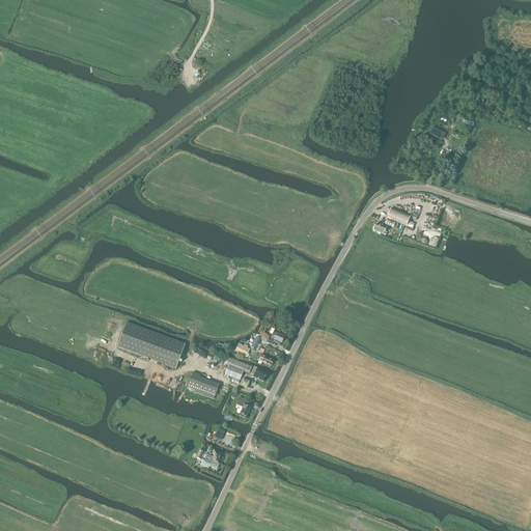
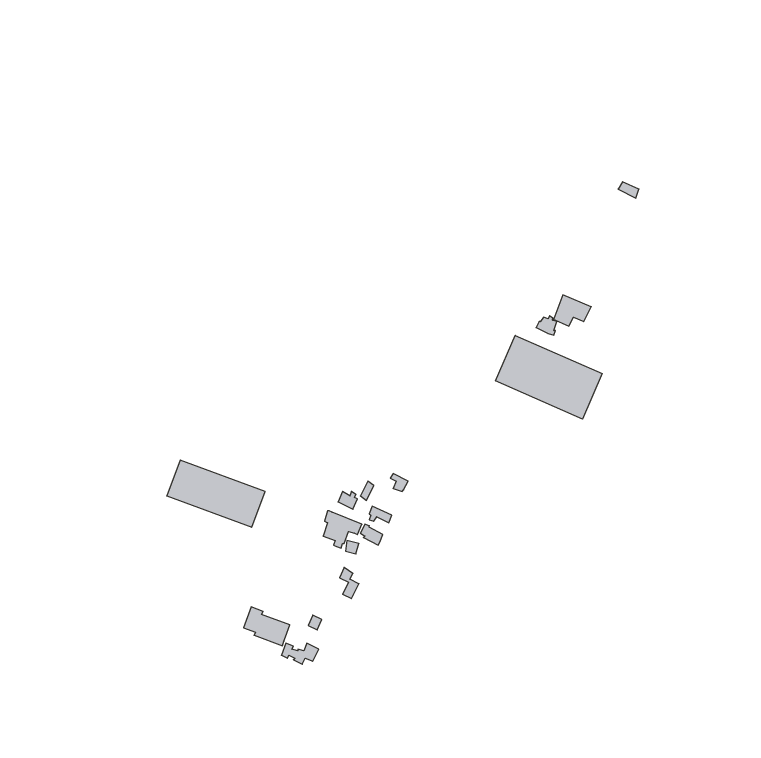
building: none -> [496,335,602,419]
building: [187,370,219,397] -> [244,607,290,646]

